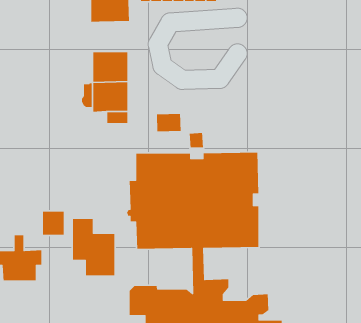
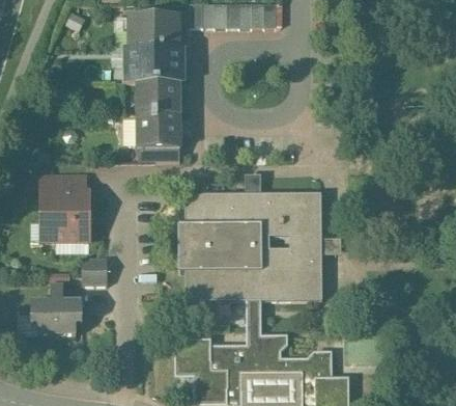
building: none -> [123,47,182,80]
building: [156,113,181,132] -> none
building: [72,218,115,276] -> [41,174,89,239]

